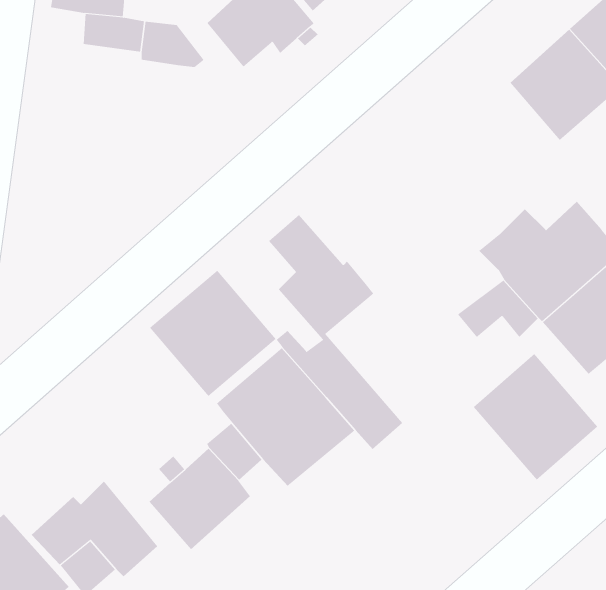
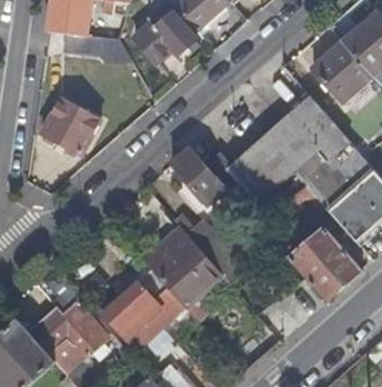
building: none -> [207,95,349,201]
building: none -> [39,100,97,157]
building: [149,270,277,397] -> none

